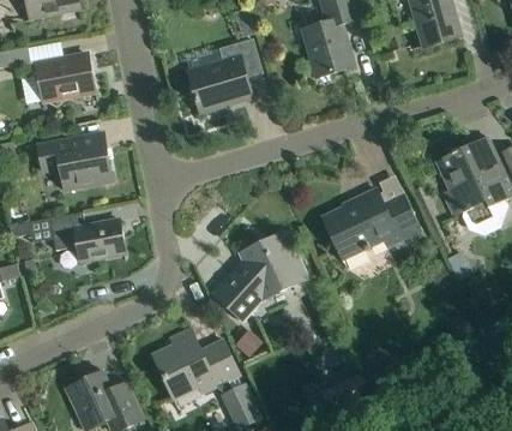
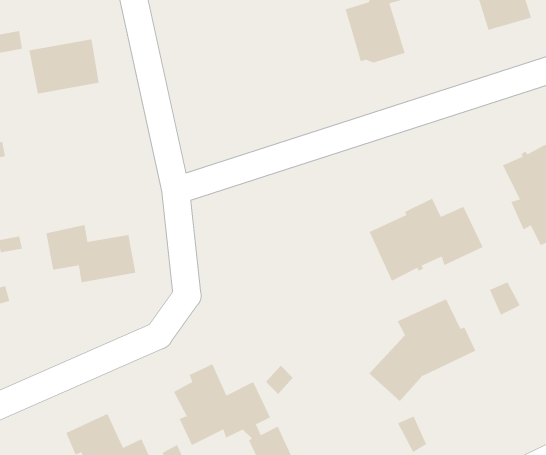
building: [187,40,263,112] -> none
building: [37,132,113,190] -> none
building: [216,233,307,321] -> [369,298,476,402]

